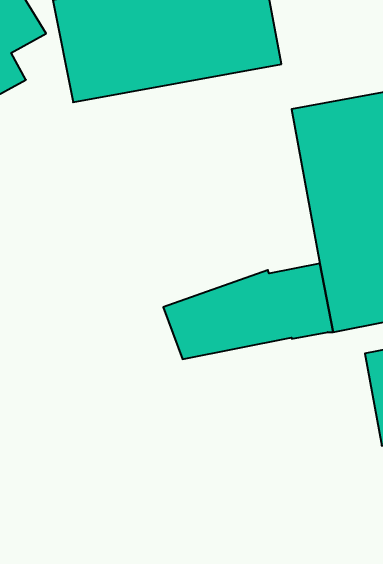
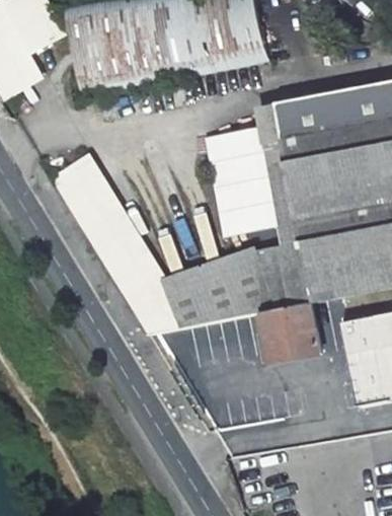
building: none -> [207,123,296,236]
building: none -> [53,157,182,334]
building: none -> [263,302,323,362]

